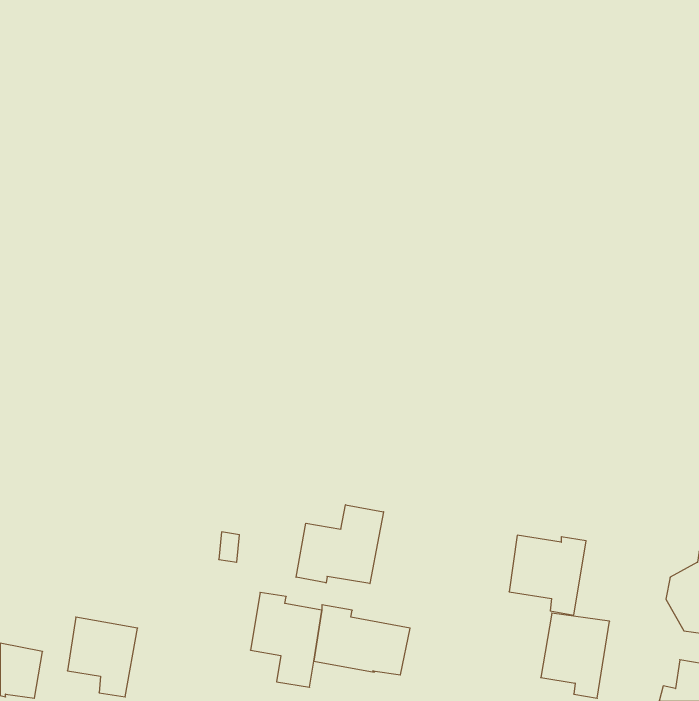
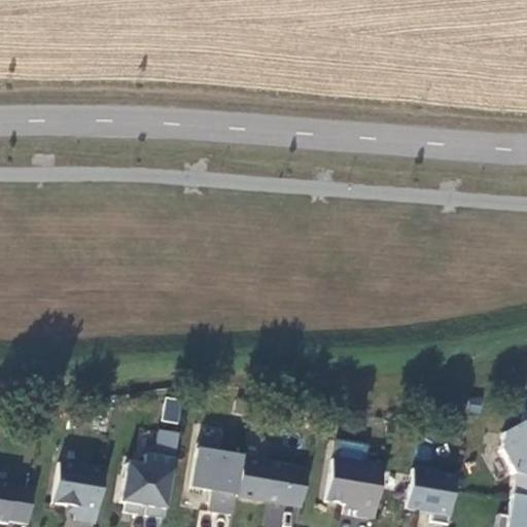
building: [296,505,384,584] -> none
building: [509,535,586,615] -> [327,458,385,518]
building: none -> [121,430,180,518]

